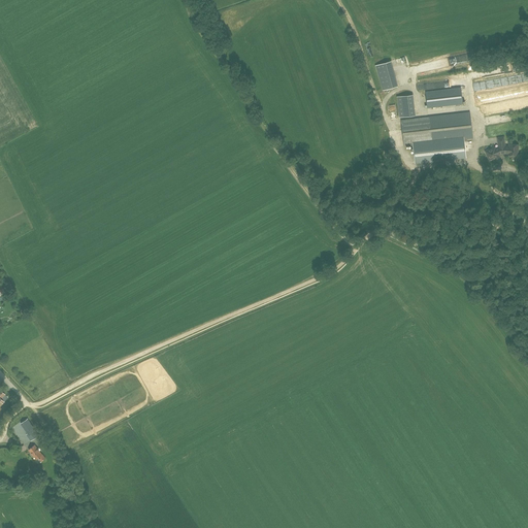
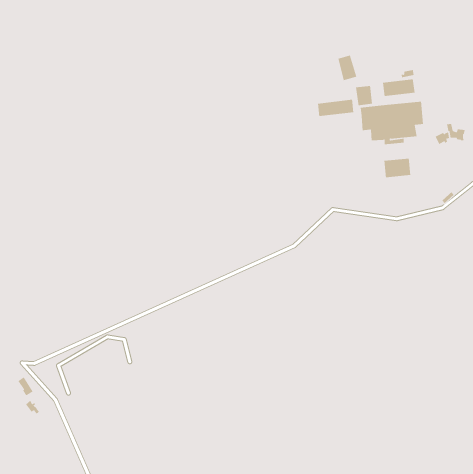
building: none -> [317,99,354,117]
building: none -> [384,158,411,178]

